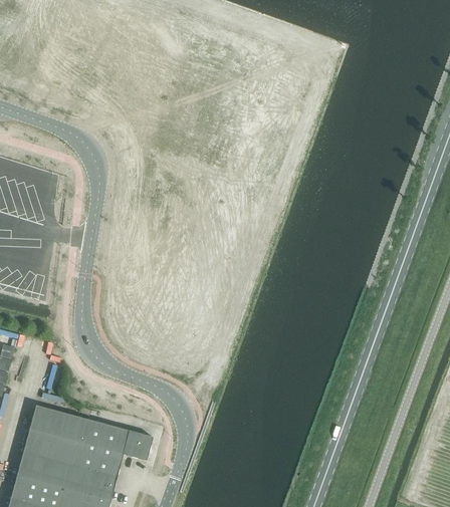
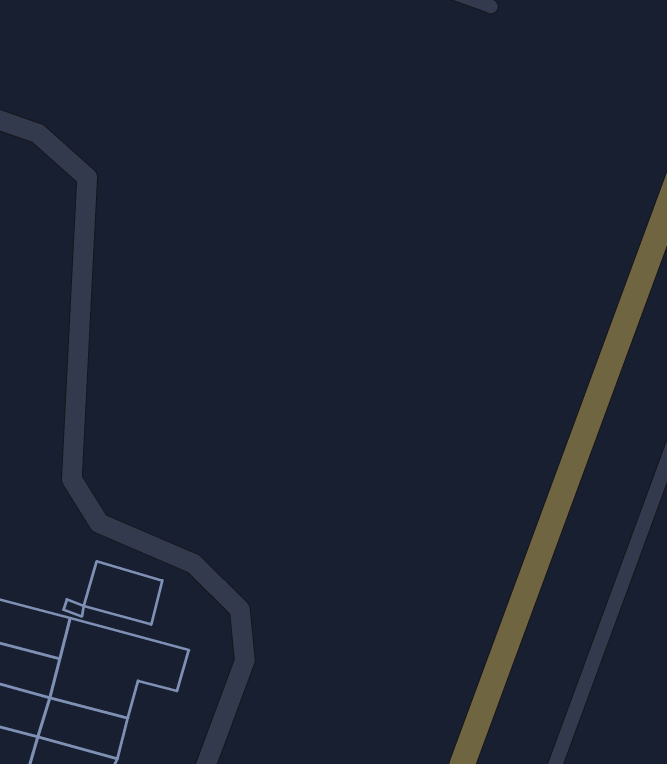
building: none -> [84,561,162,625]

